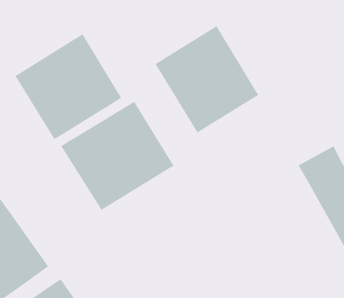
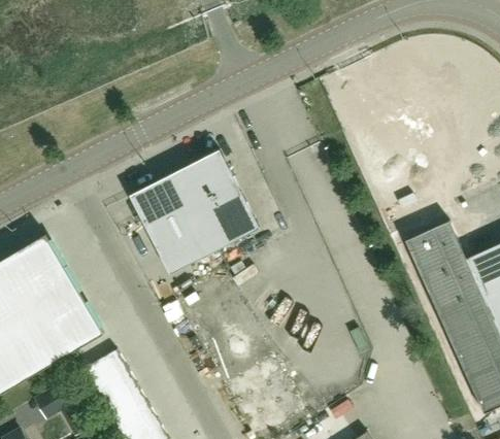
building: [155,25,259,133] -> none
building: [14,33,122,140] -> none

